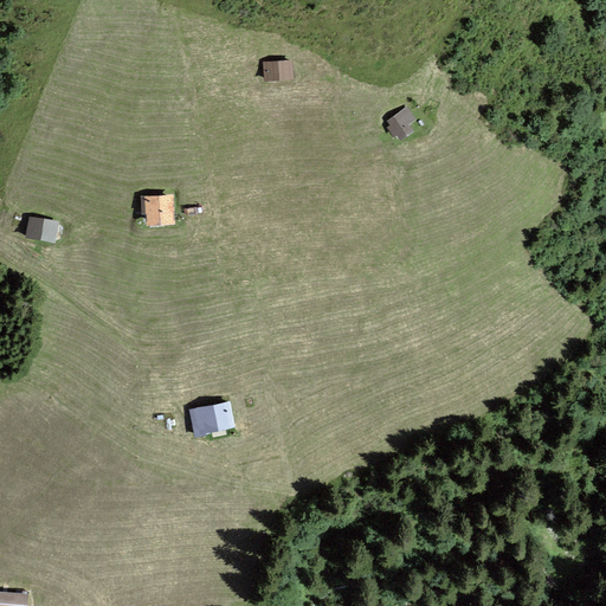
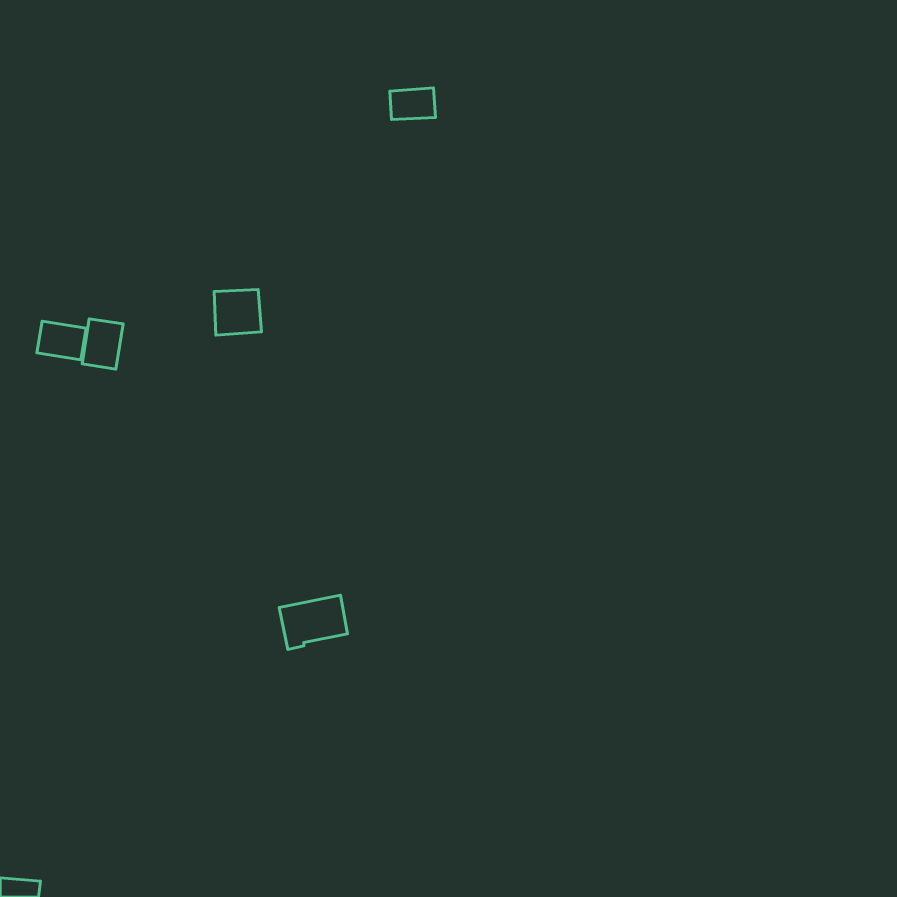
building: [385,107,415,141] -> none
building: none -> [82,319,123,369]

